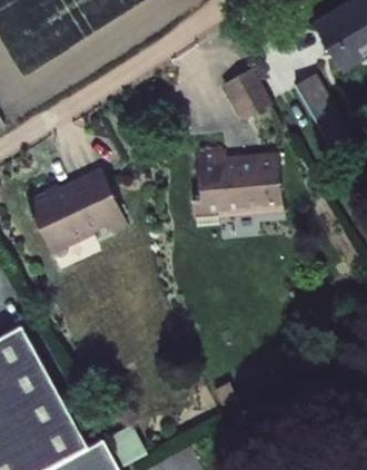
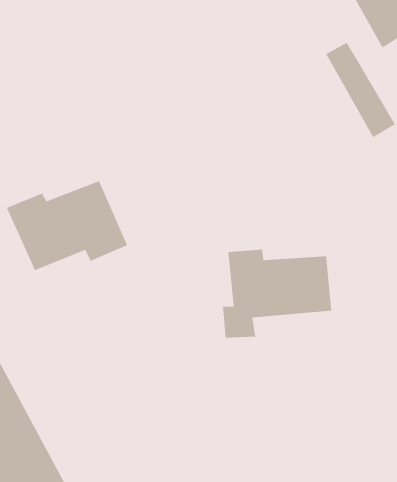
building: [219,67,270,120] -> none
building: [191,151,281,225] -> [222,249,332,338]

